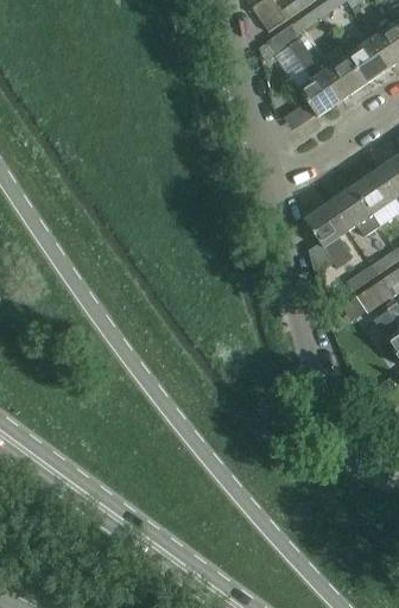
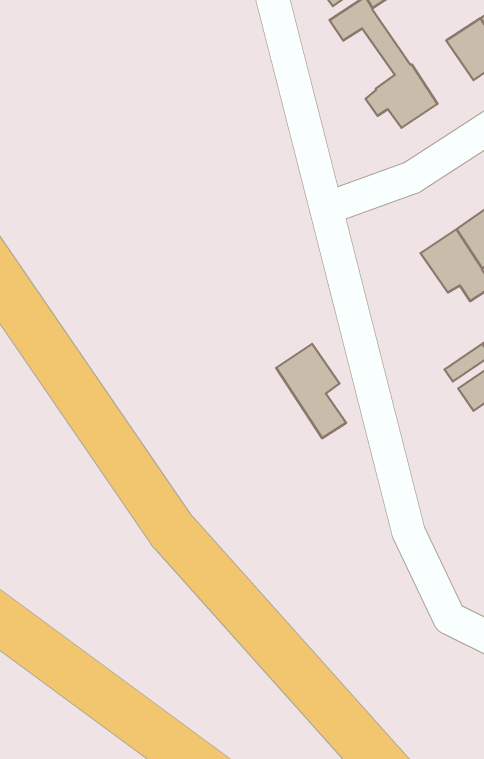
building: [324,55,367,99] -> none
building: [305,202,354,267] -> [276,344,346,438]

